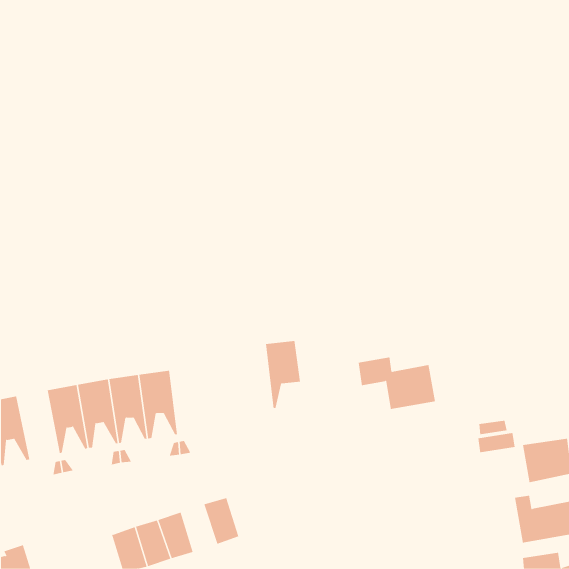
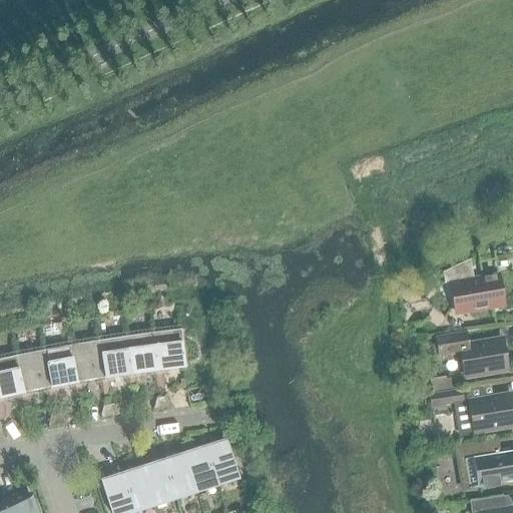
building: none -> [444,259,504,313]
building: [265,340,301,409] -> [154,329,186,390]
building: [358,357,436,409] -> [437,330,507,377]
building: none -> [17,350,55,412]
building: none -> [205,437,238,481]
building: none -> [164,452,196,495]

